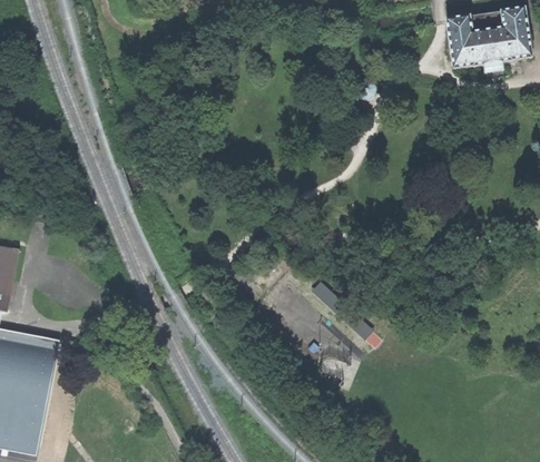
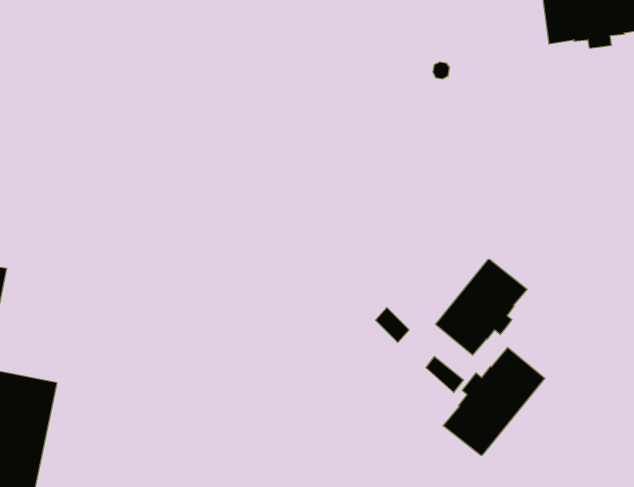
building: none -> [436,259,527,355]
building: none -> [443,347,545,456]

